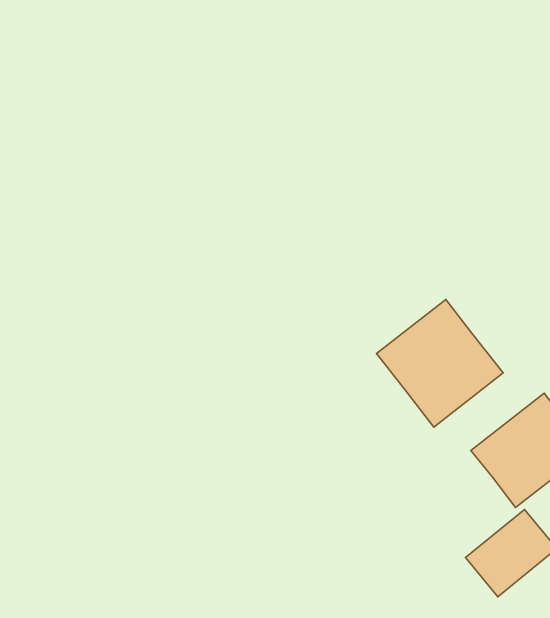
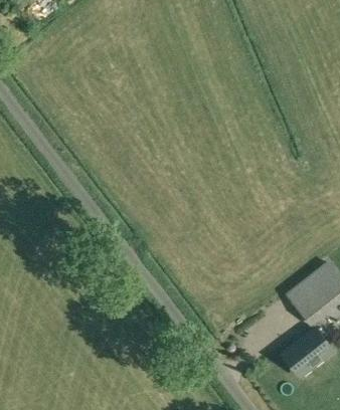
building: [376,299,503,427] -> none

